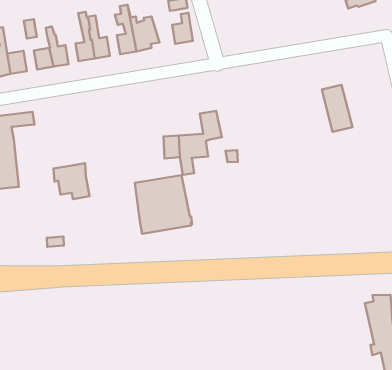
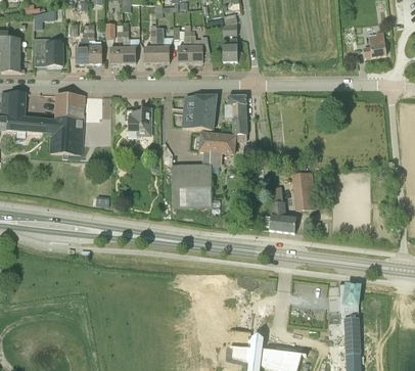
building: none -> [226,95,246,119]
building: [322,85,353,132] -> [294,172,314,207]
building: none -> [182,95,216,129]
building: [54,163,89,199] -> [125,108,151,135]
building: none -> [269,185,296,232]

